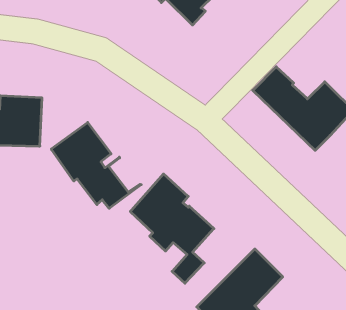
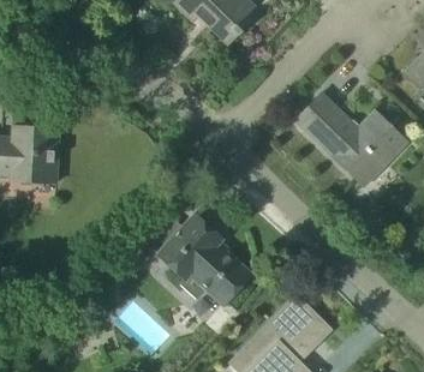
building: [51,122,141,208] -> none

